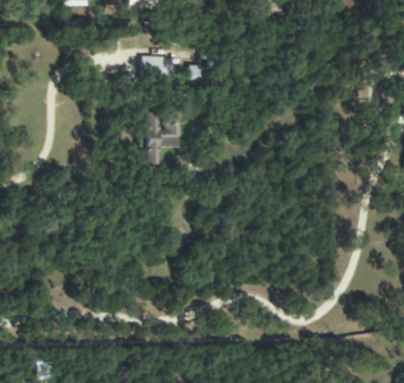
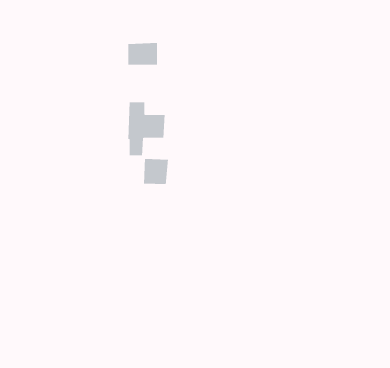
building: none -> [144,158,168,185]

